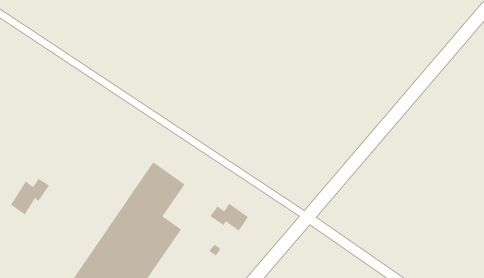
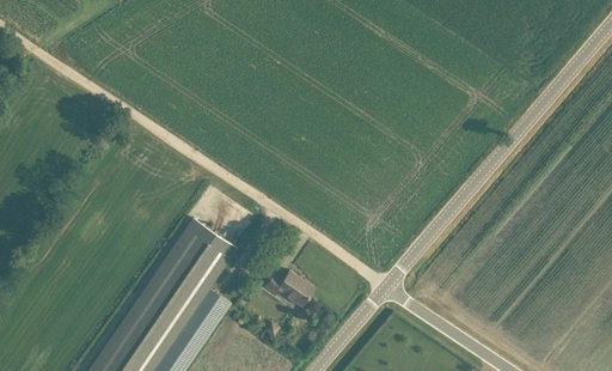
building: [10,178,50,215] -> none

